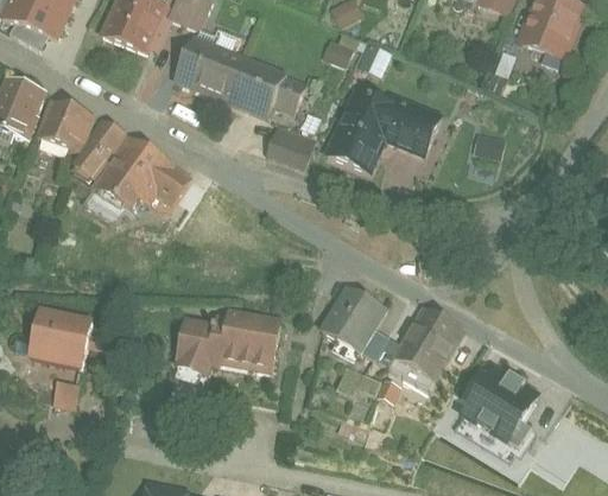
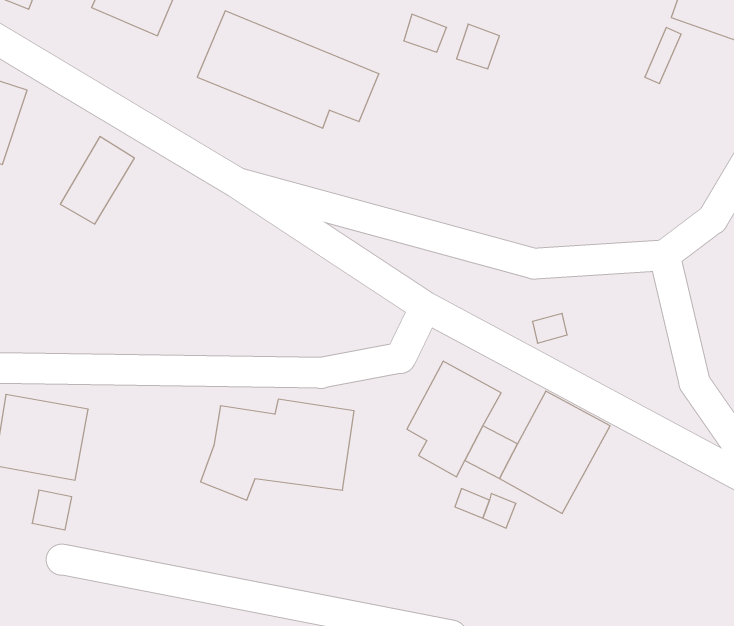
building: [322,87,437,177] -> none
building: [48,107,95,157] -> none
building: [267,131,318,178] -> none
building: [99,144,191,218] -> none
building: [457,365,543,449] -> none

